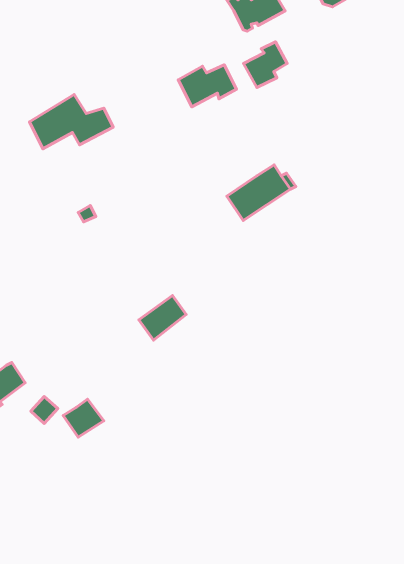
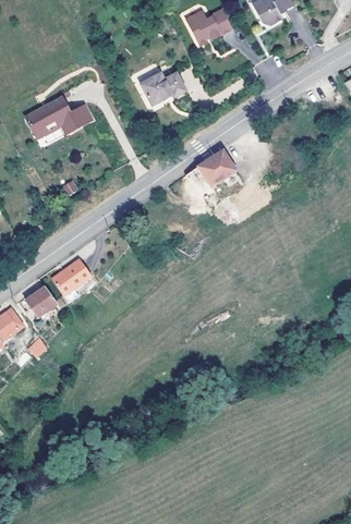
building: [244,42,287,88] -> none
building: [139,296,186,340] -> [51,259,89,295]
building: [63,399,104,437] -> [25,287,58,317]

